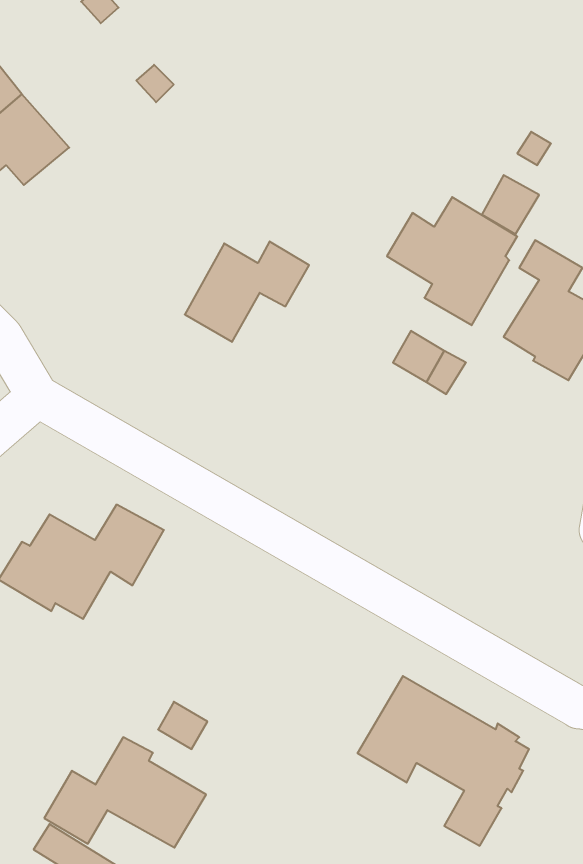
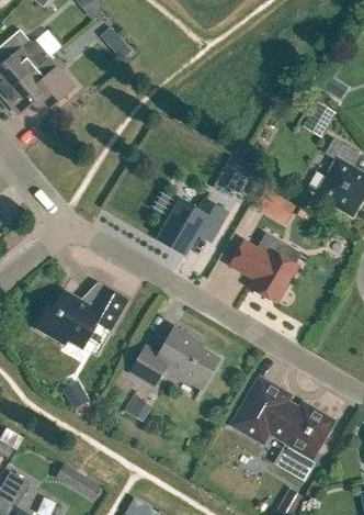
building: [387,197,517,325] -> [229,232,302,303]
building: [185,241,309,342] -> [158,199,227,255]
building: [44,737,206,848] -> [129,327,219,389]

